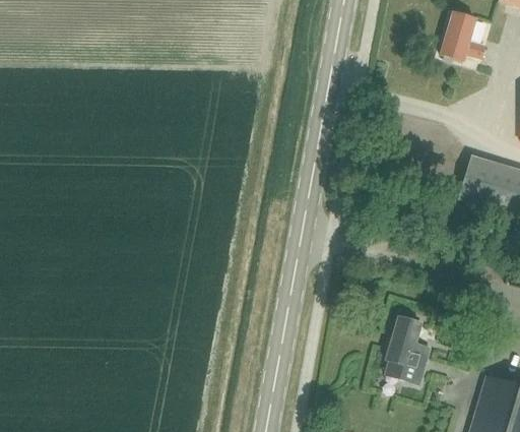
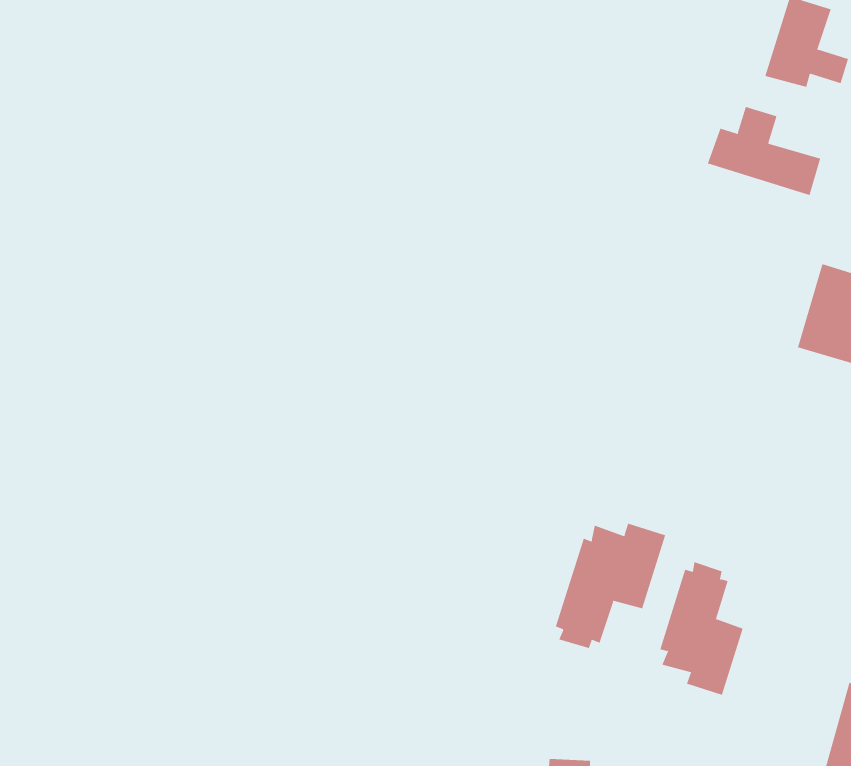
building: none -> [707,106,821,196]
building: none -> [555,523,666,649]

